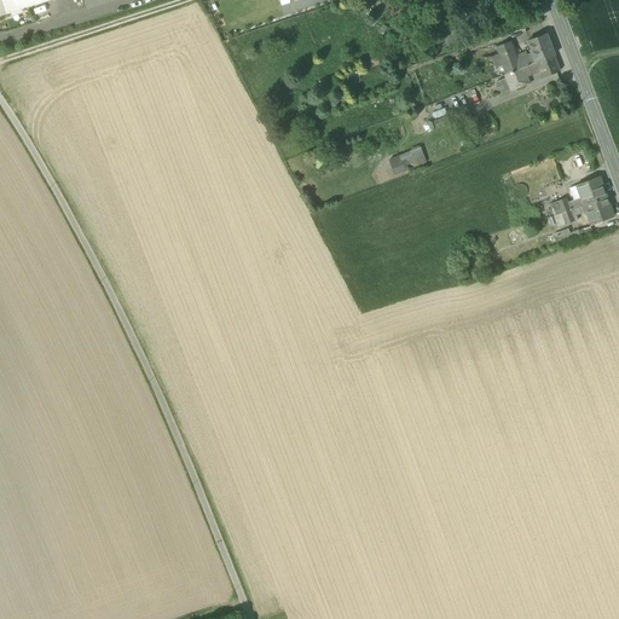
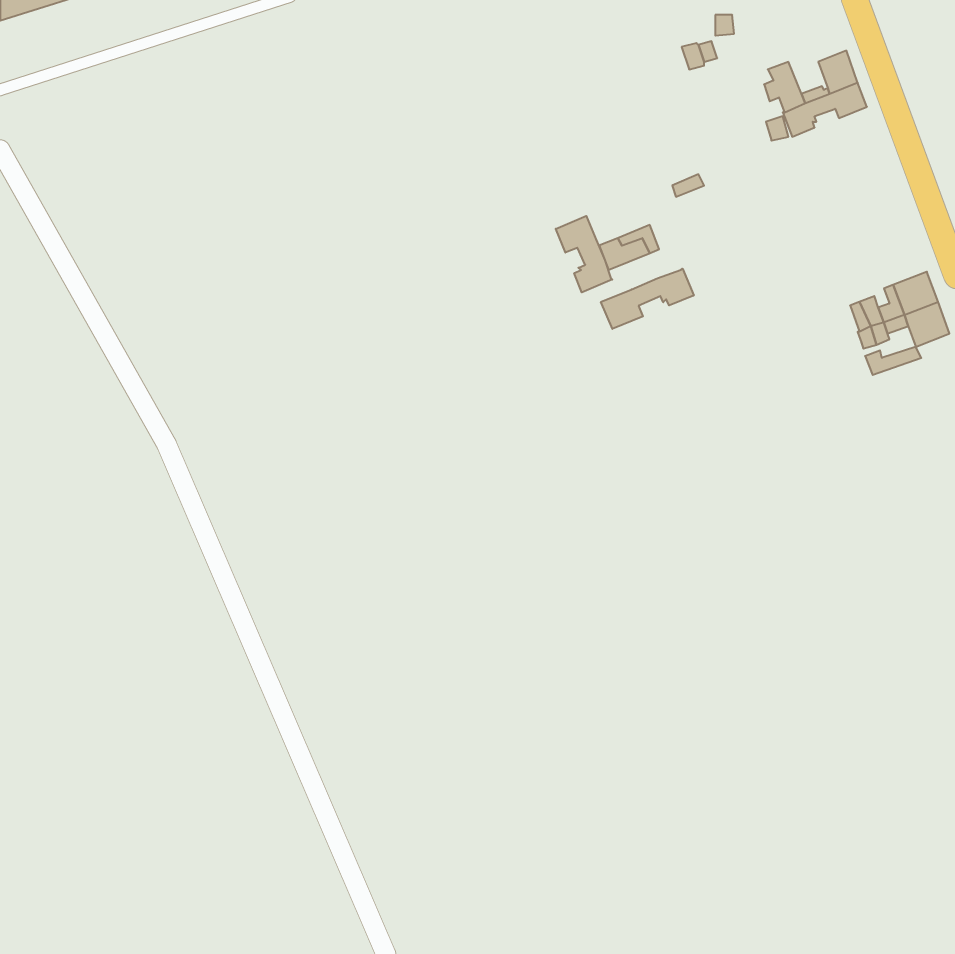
building: none -> [556,216,612,292]
building: none -> [601,269,694,329]

